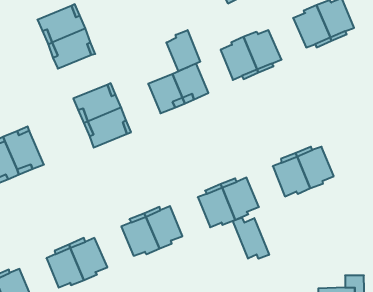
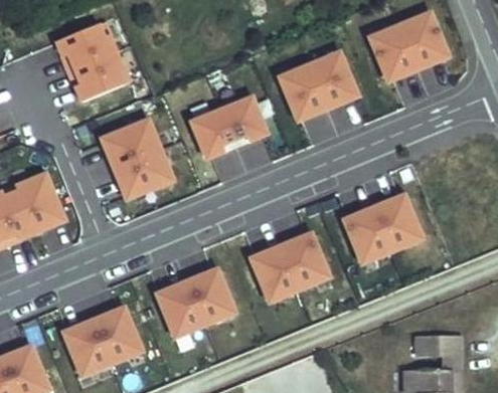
building: [166,30,200,71] -> none
building: [233,217,269,259] -> none
building: none -> [416,335,459,358]

